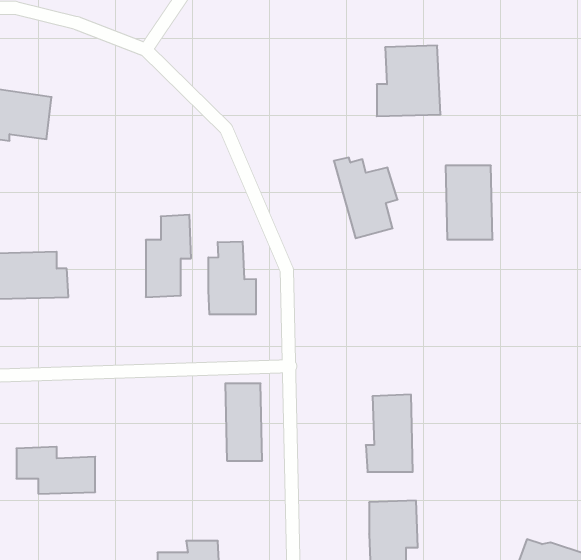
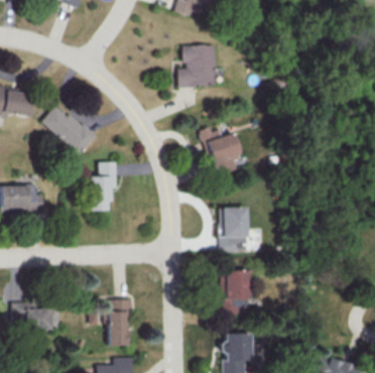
building: [377,46,441,116] -> [178,44,217,87]
building: none -> [42,103,96,154]
building: [446,166,493,240] -> [220,207,248,251]
building: [208,241,256,314] -> none
building: [225,383,262,461] -> [108,298,130,345]

